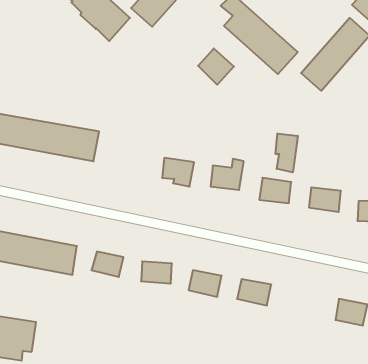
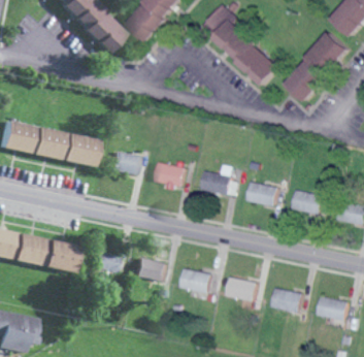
building: [198,48,234,85] -> none
building: [276,133,298,172] -> none
building: none -> [109,150,140,174]
building: none -> [271,287,301,311]

